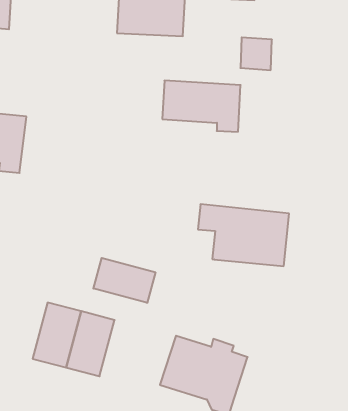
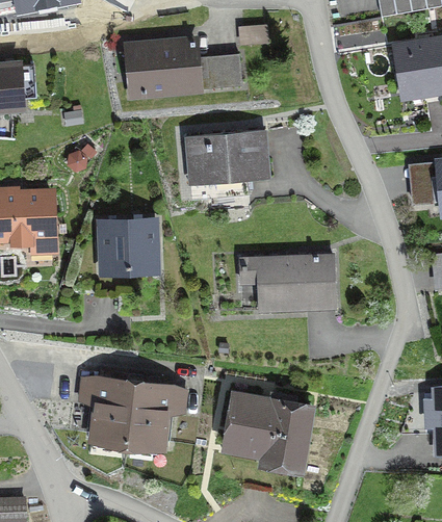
building: [240,37,272,70] -> [207,55,241,88]
building: none -> [101,223,155,271]
building: [93,258,155,303] -> none

